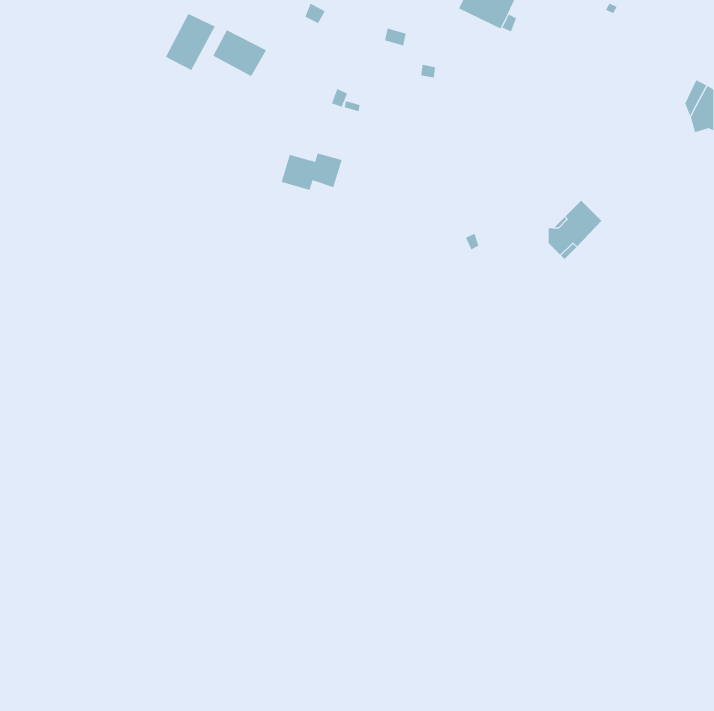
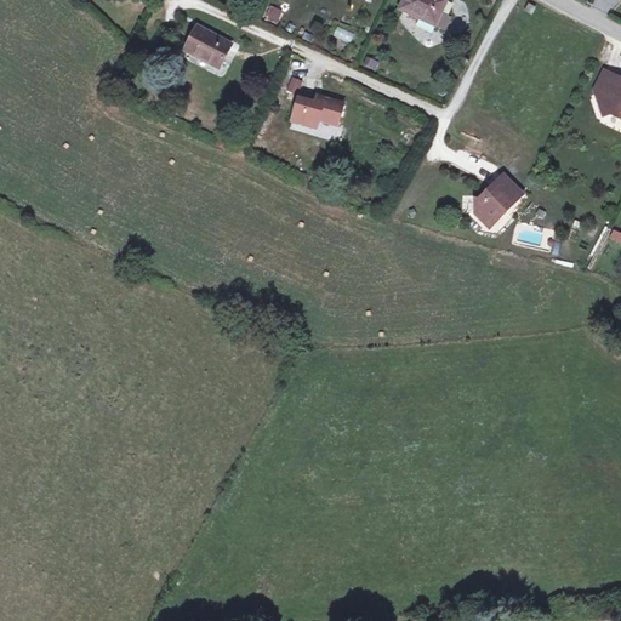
building: [165,13,215,71] -> none
building: [281,153,342,191] -> [291,95,344,127]

